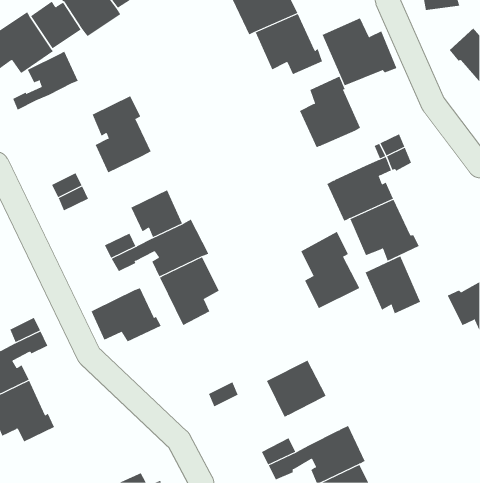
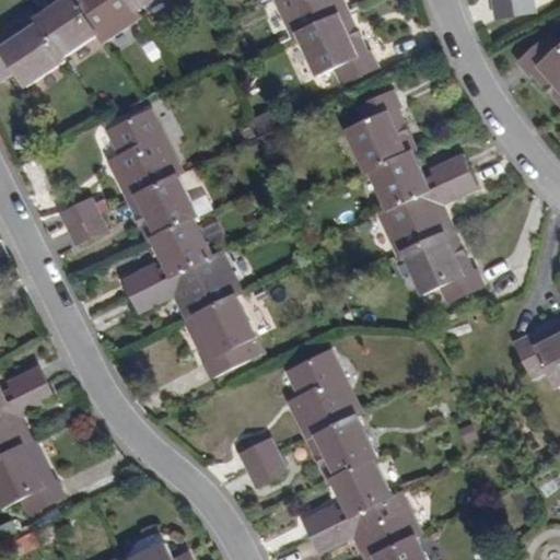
building: [322,18,397,86] -> none
building: [12,51,79,110] -> none
building: none -> [369,151,423,208]
building: none -> [125,175,196,242]
building: [300,231,360,309] -> [287,350,355,440]
building: [365,255,421,314] -> none
building: [91,287,161,342] -> none
building: none -> [332,459,392,514]

